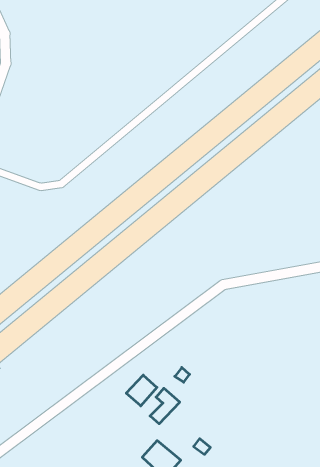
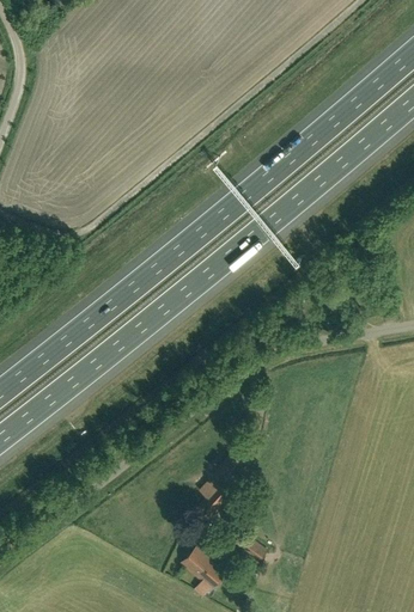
building: [126,375,157,406] -> none

